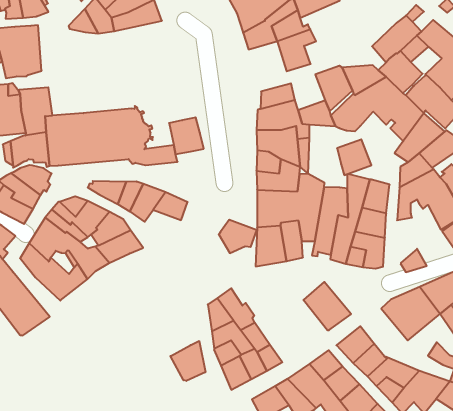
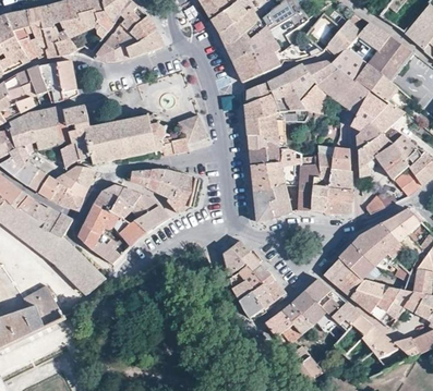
building: none -> [232,50,263,81]
building: [337,139,371,175] -> [267,72,294,100]
building: [219,220,257,253] -> [168,187,196,212]
building: [303,282,351,330] -> [340,242,377,278]
building: [170,341,205,381] -> none

